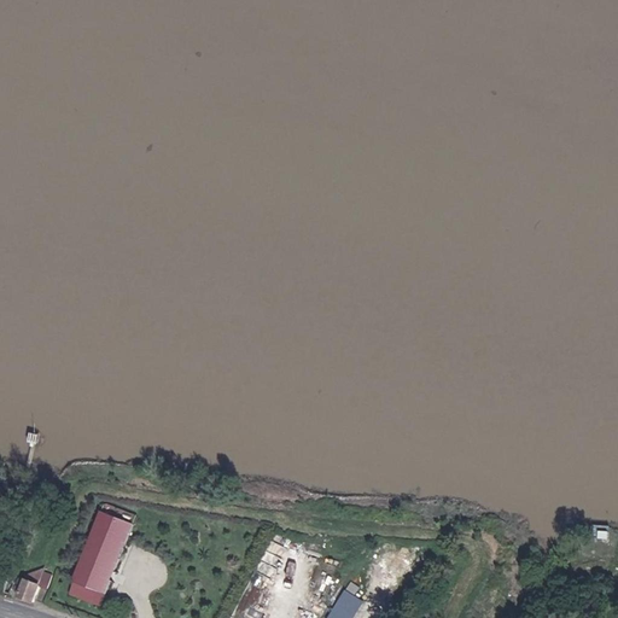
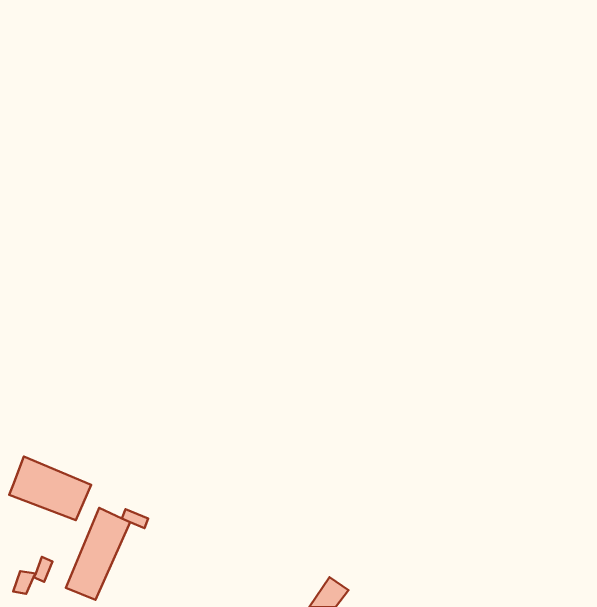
building: none -> [9,457,91,520]

